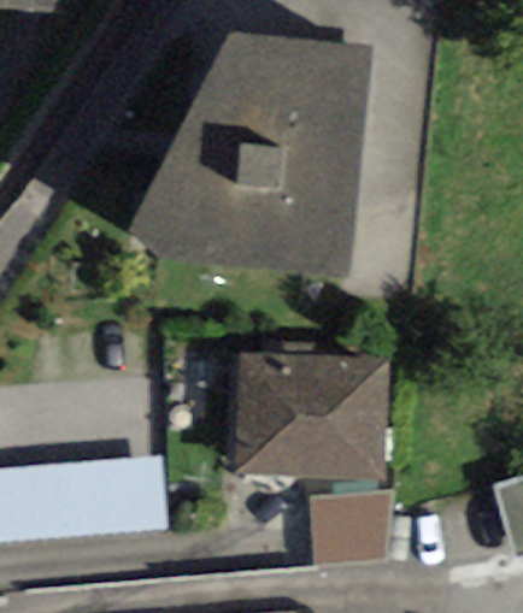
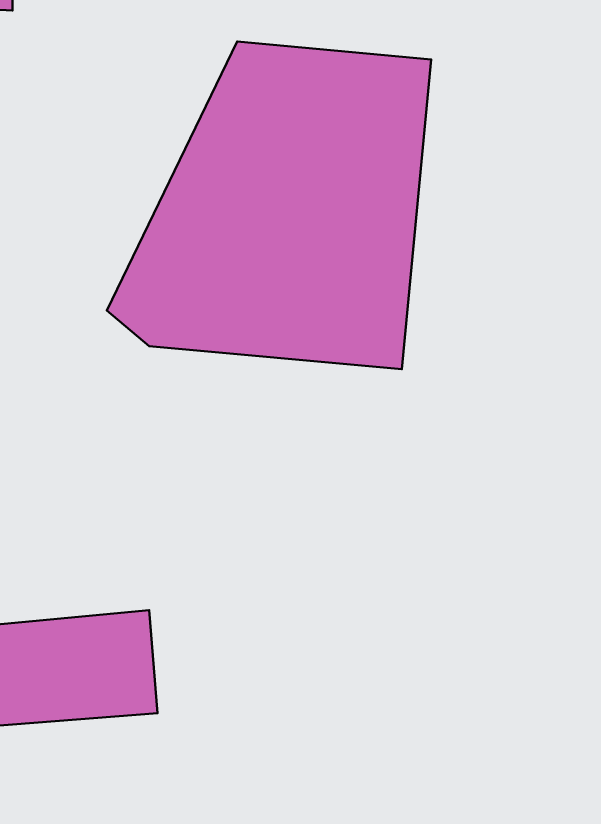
building: [222,348,390,478] -> none
building: [312,493,395,564] -> none

